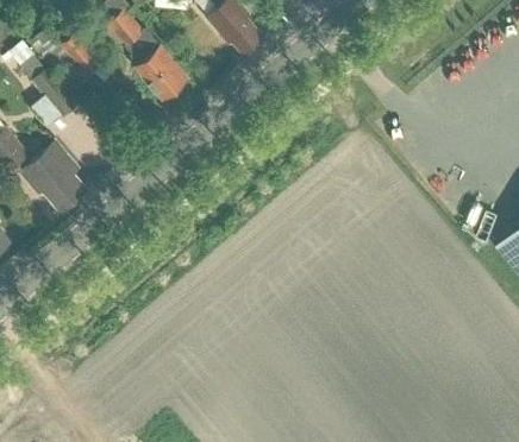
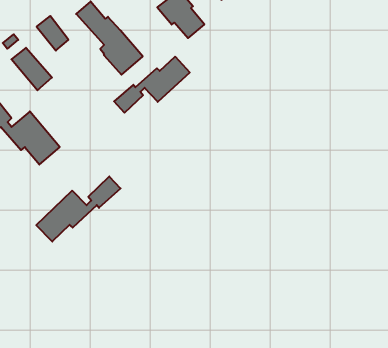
building: none -> [114,57,190,113]
building: none -> [36,176,121,242]

